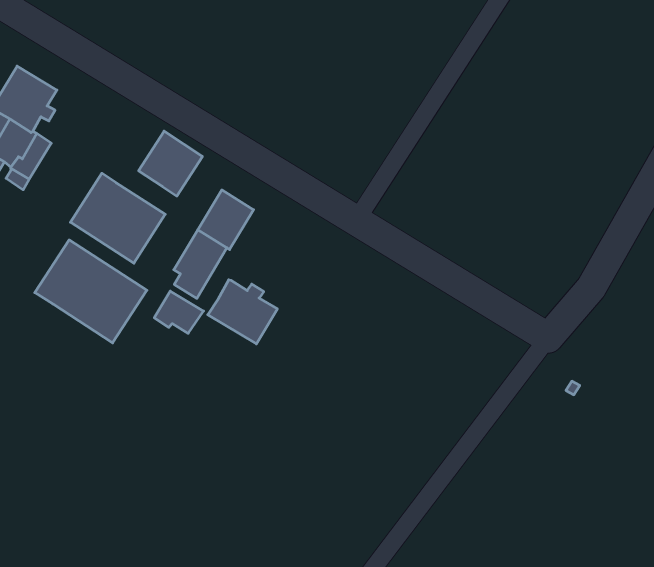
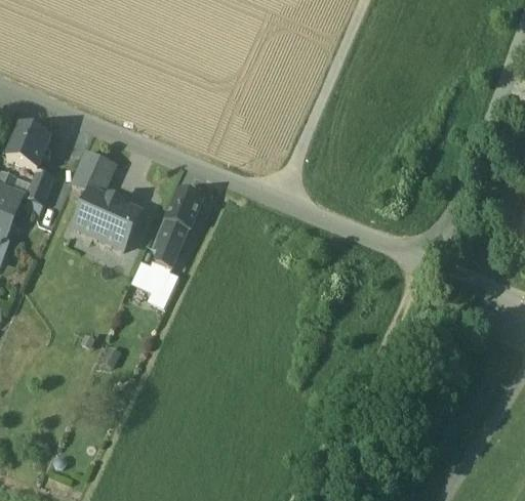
building: [139,131,202,196] -> [73,150,116,194]
building: [35,240,147,343] -> none
building: [208,280,277,344] -> none

